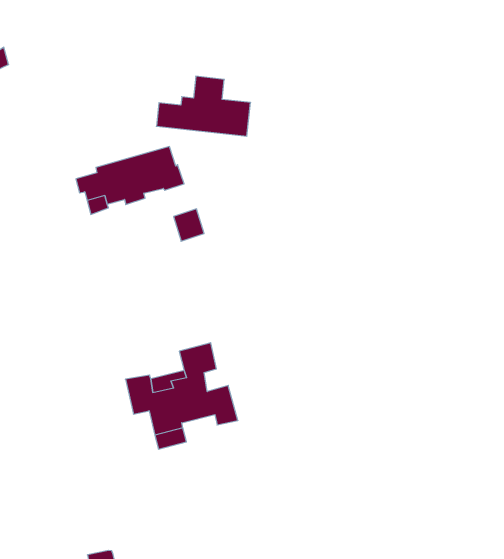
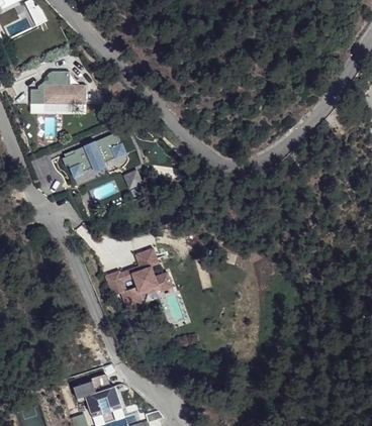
building: [156,76,251,136] -> [31,71,86,103]

